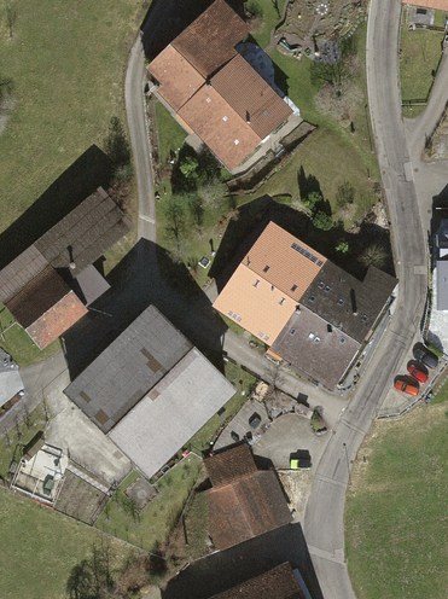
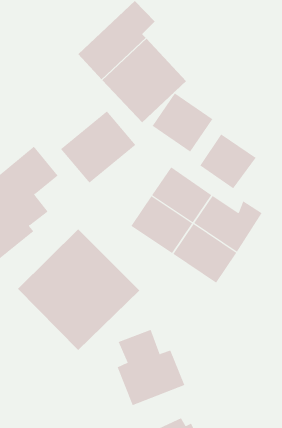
building: none -> [152,92,213,153]
building: none -> [60,110,136,184]
building: none -> [199,133,257,189]

